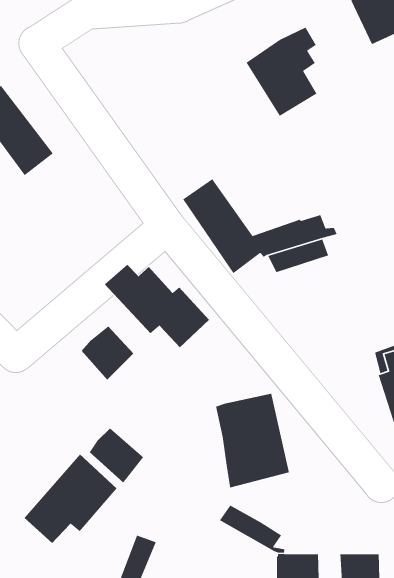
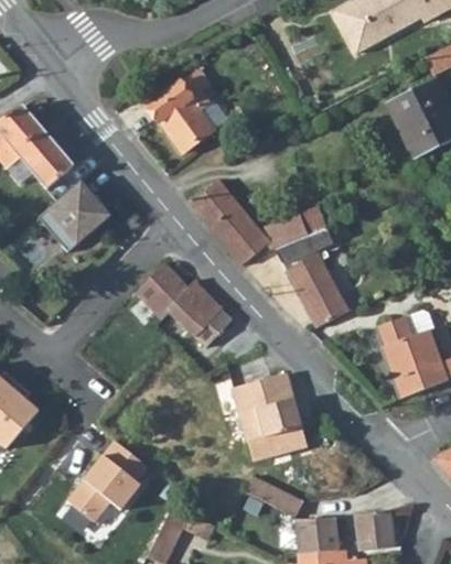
building: [245,26,317,117] -> [148,68,215,152]
building: none -> [43,178,110,245]
building: none -> [286,254,350,329]
building: [81,325,134,380] -> none
building: [89,427,144,484] -> none

